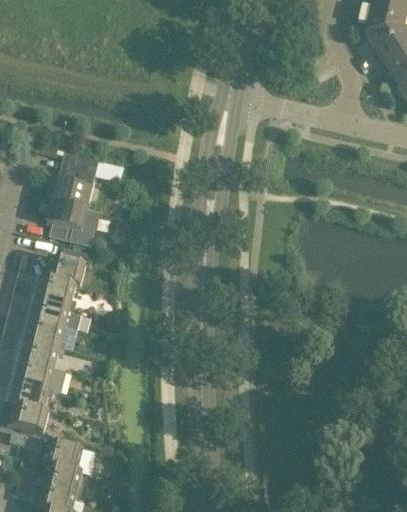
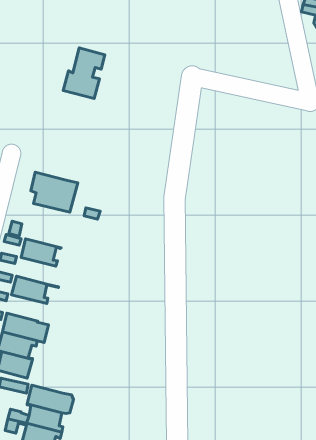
building: [51,153,98,210] -> [63,48,105,98]
building: [40,248,92,286] -> none
building: [30,297,81,330] -> none
building: [19,339,64,369] -> none

